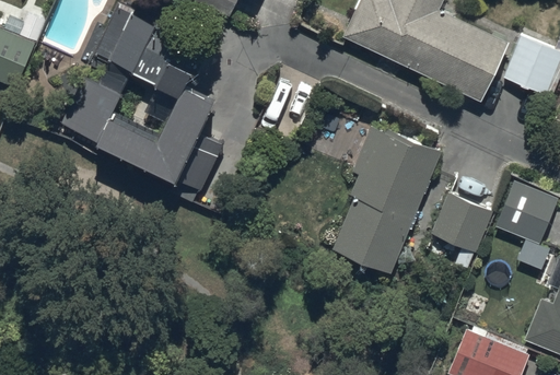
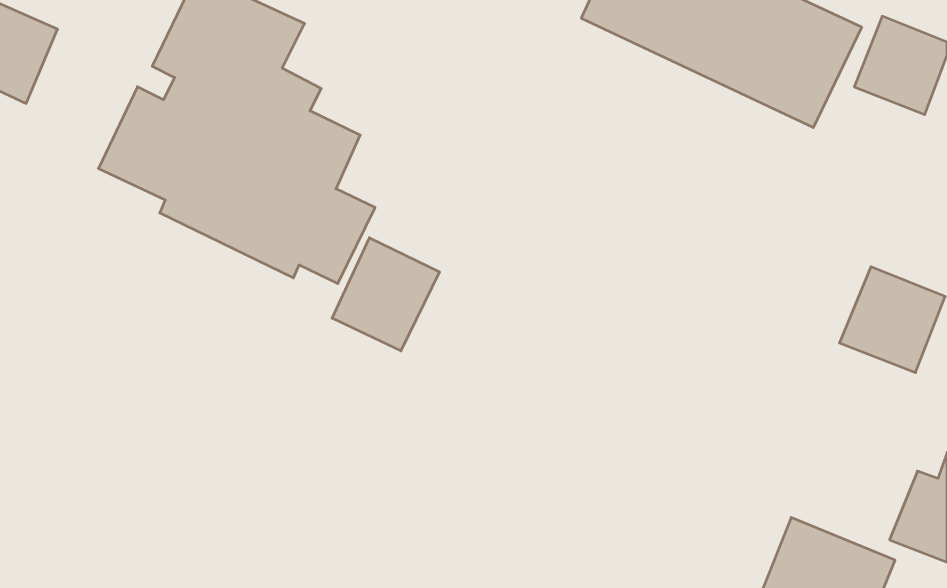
building: [332,128,442,276] -> none
building: none -> [332,238,439,351]
building: [432,194,493,253] -> none

